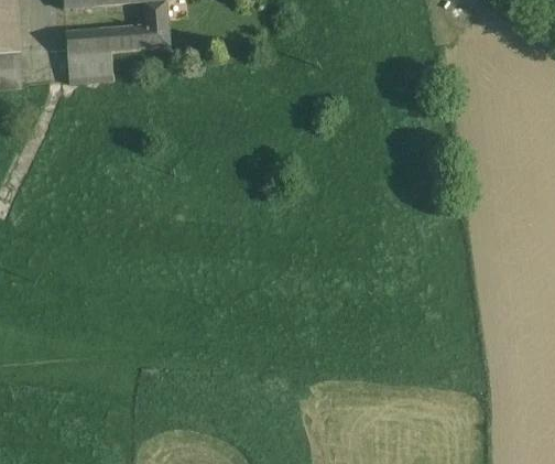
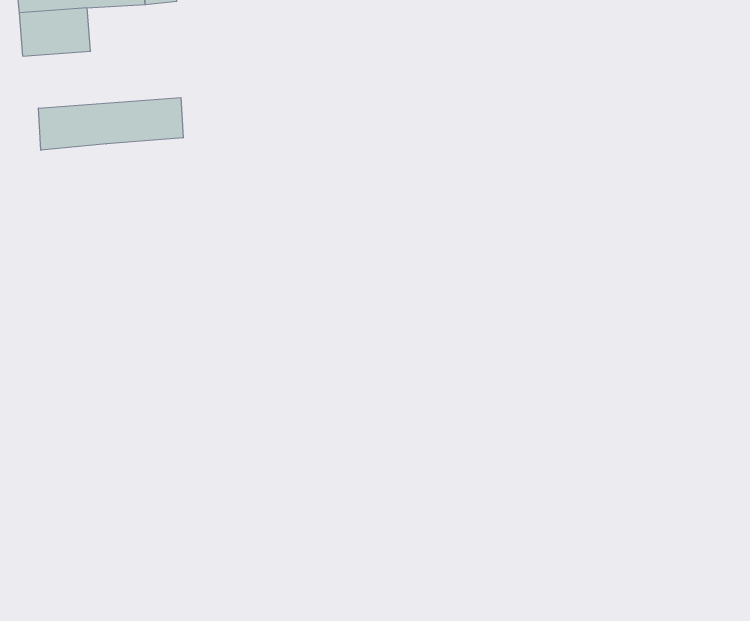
building: none -> [38,98,183,150]

